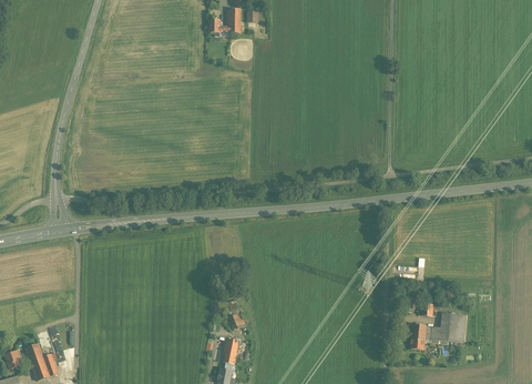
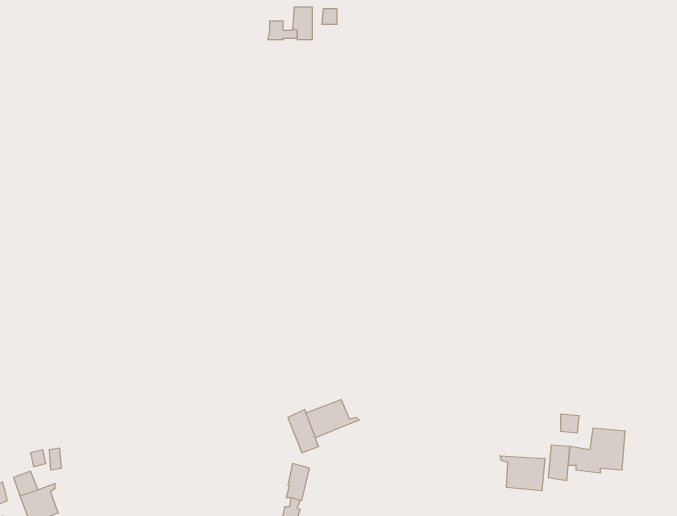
building: none -> [306,400,359,438]
building: none -> [500,456,545,491]

